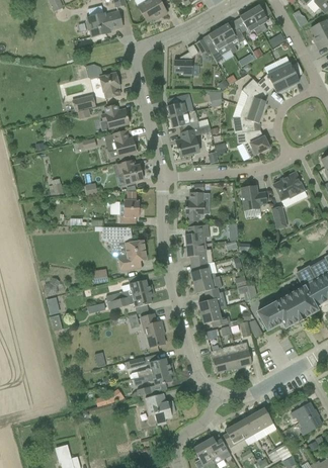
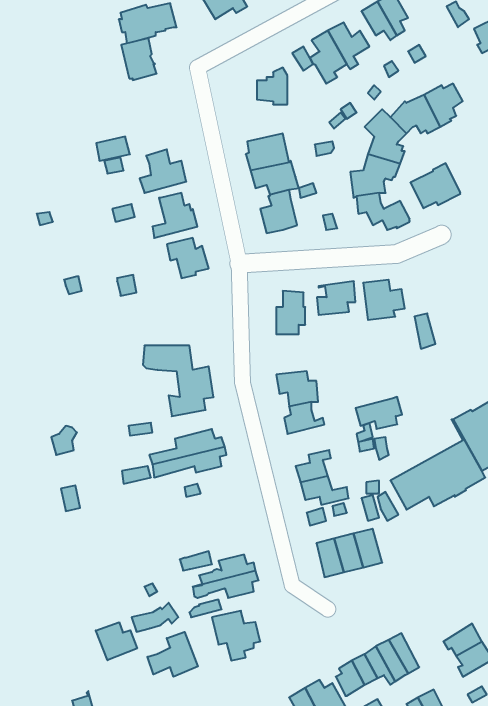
building: [99,72,121,98] -> [121,38,157,80]
building: [273,172,305,200] -> [410,163,460,208]
building: [120,191,143,216] -> none
building: [185,223,210,245] -> [317,281,355,315]
building: [193,275,223,295] -> [356,397,402,429]
building: [142,313,165,347] -> none
building: none -> [96,622,137,660]
building: none -> [147,632,198,677]

